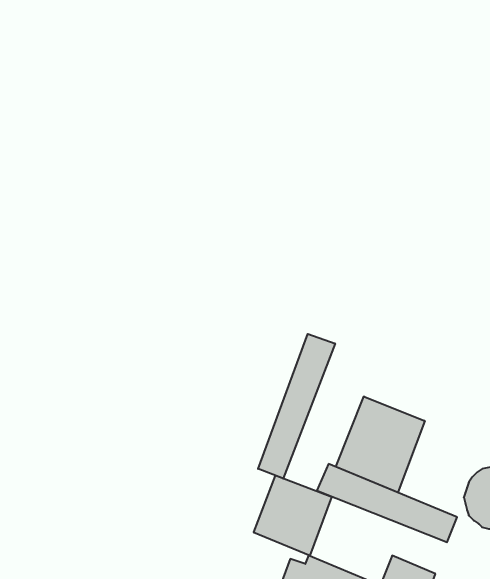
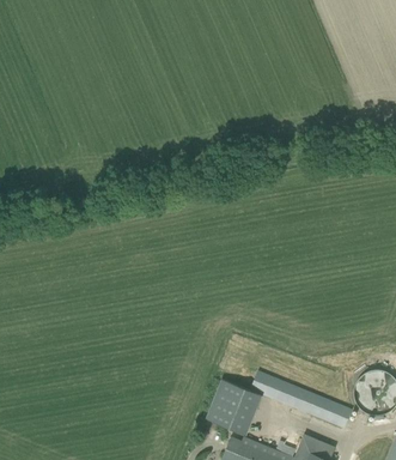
building: [258,334,335,479] -> none
building: [336,396,425,492] -> none

